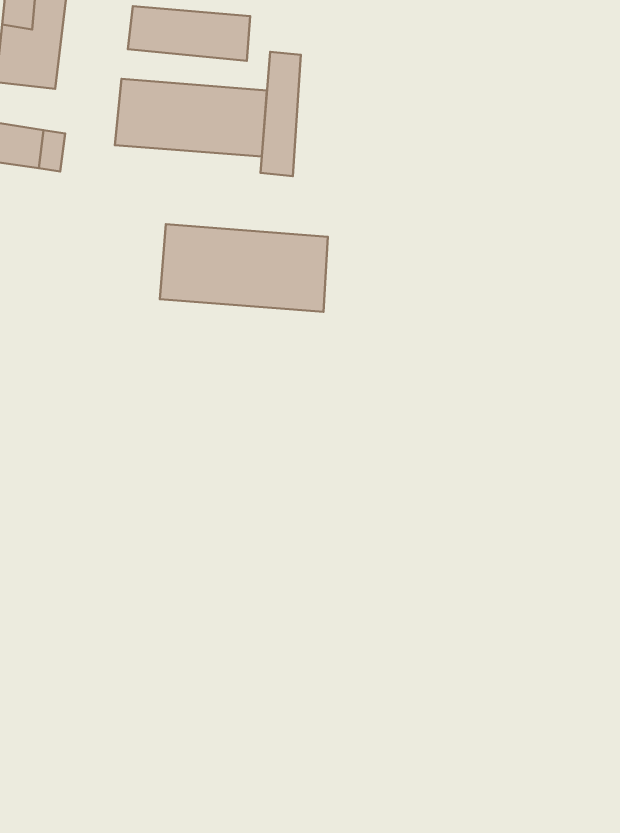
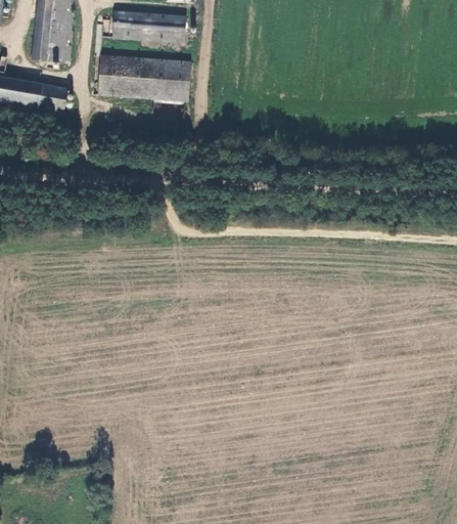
building: [261,52,301,176] -> none
building: [160,224,328,312] -> none

